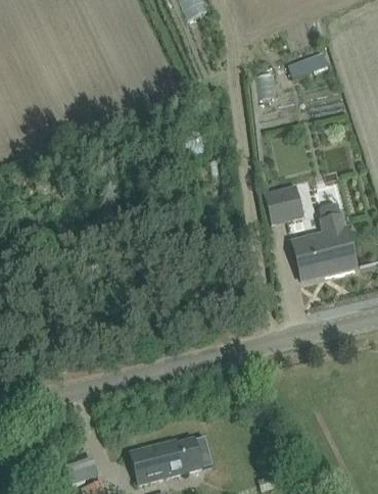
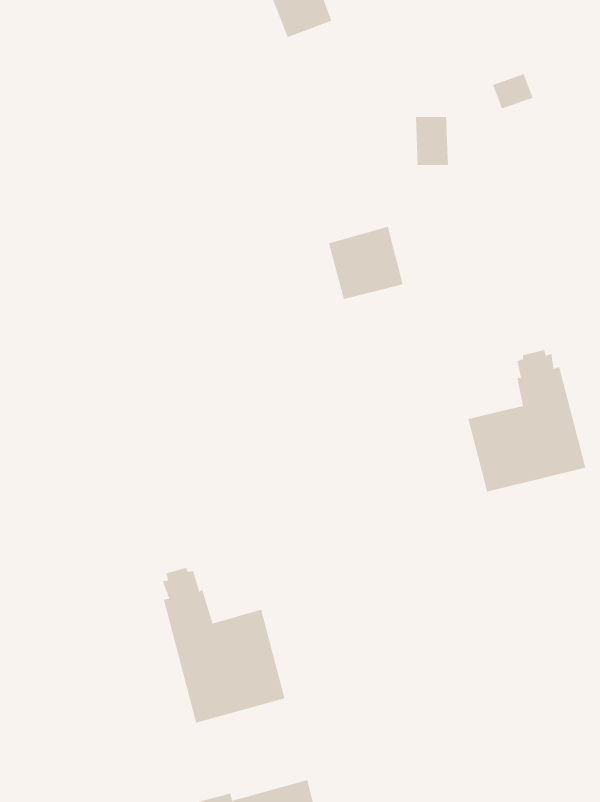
building: [263,184,303,224] -> [328,226,403,299]
building: none -> [162,567,285,724]

